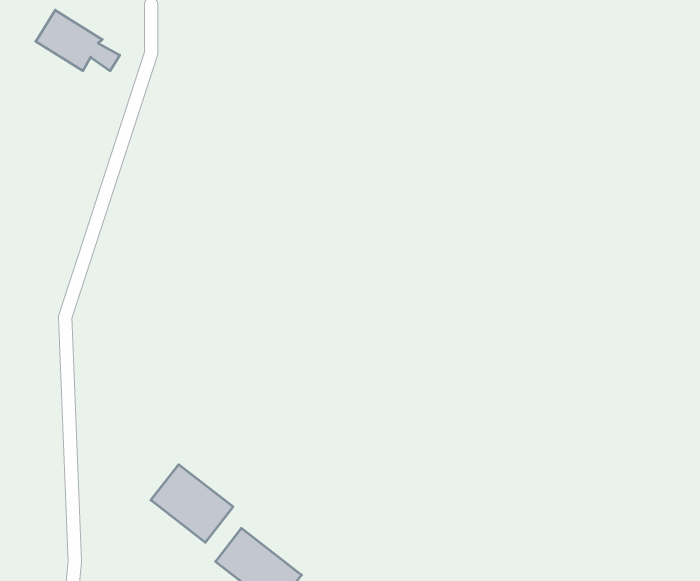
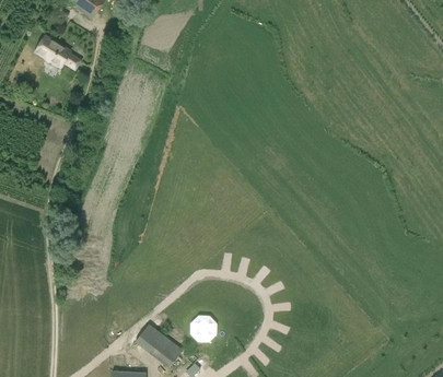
building: [151,465,233,542] -> none

